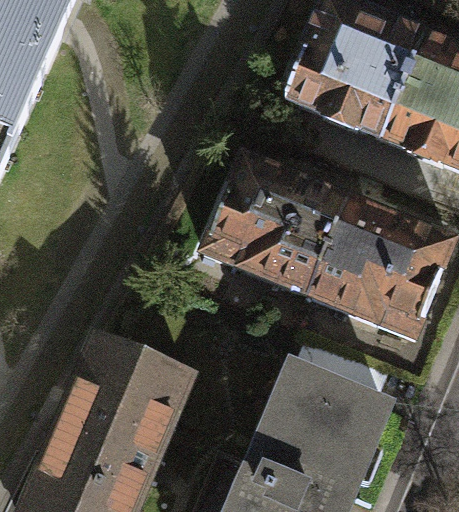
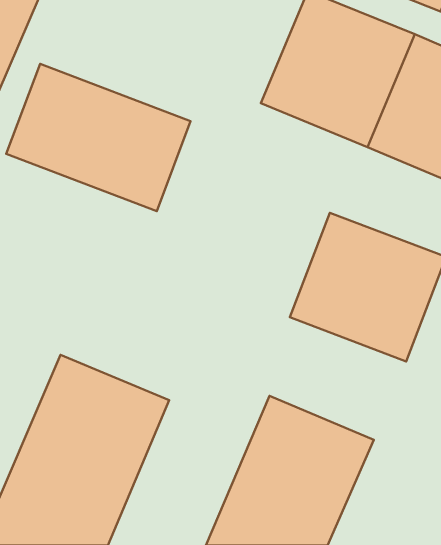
building: none -> [6,64,191,211]
building: [199,157,344,295] -> none

